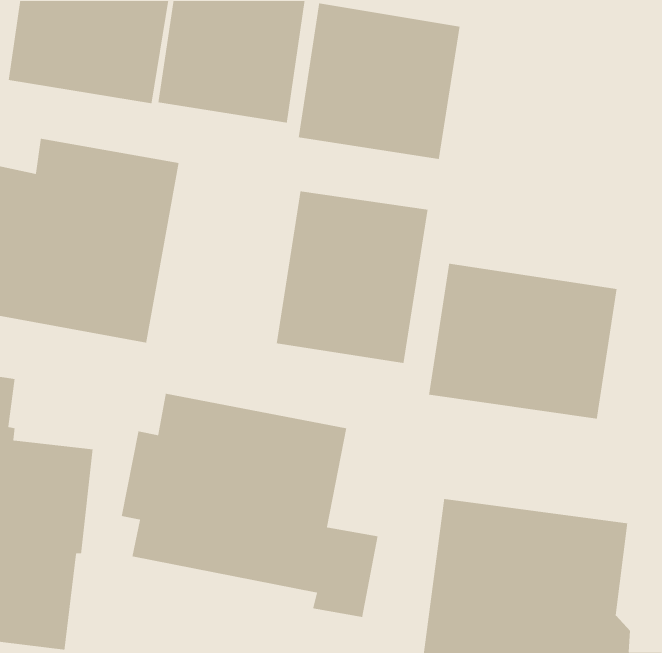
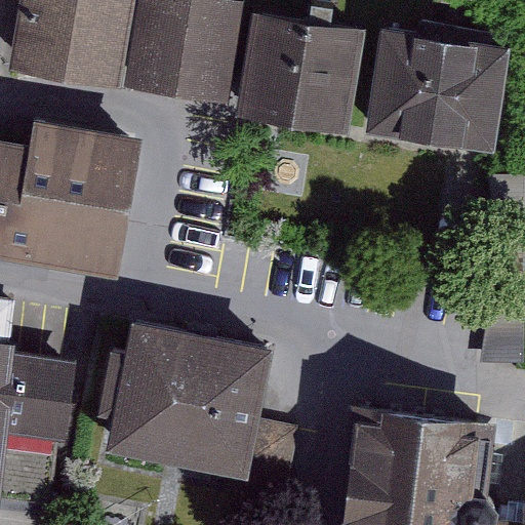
building: none -> [364,30,509,155]
building: [276,191,429,364] -> none
building: [428,263,618,420] -> none

